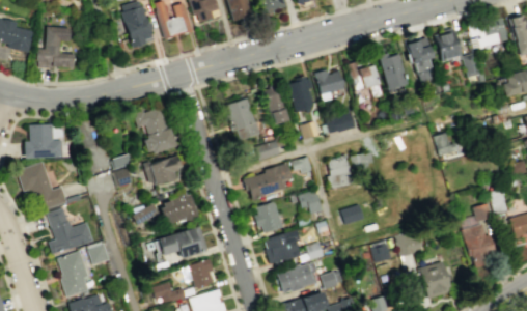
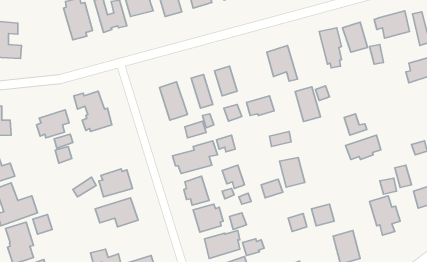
building: [377,51,405,89] -> [295,87,320,121]
building: [314,67,344,93] -> none
building: [145,154,182,186] -> [36,110,69,138]
building: [326,154,354,188] -> [280,157,305,187]
building: none -> [346,135,381,160]
building: [188,259,214,288] -> none

